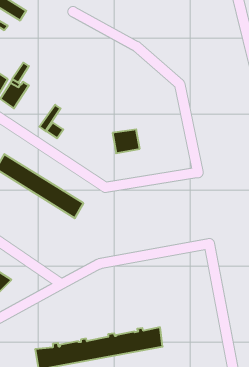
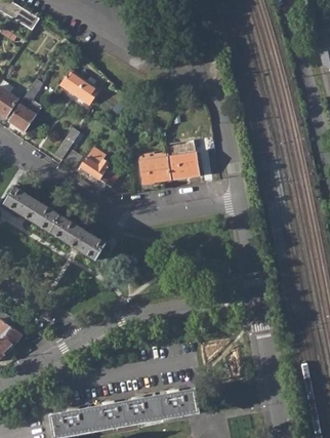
building: none -> [59,70,98,105]
building: none -> [78,151,119,186]
building: none -> [167,152,199,180]

